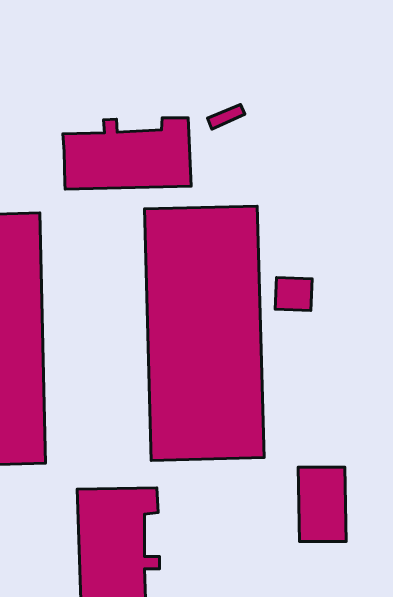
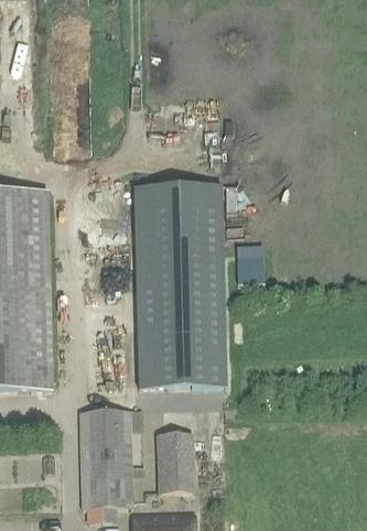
building: [63,118,191,189] -> none
building: [298,467,346,541] -> [156,431,195,490]

